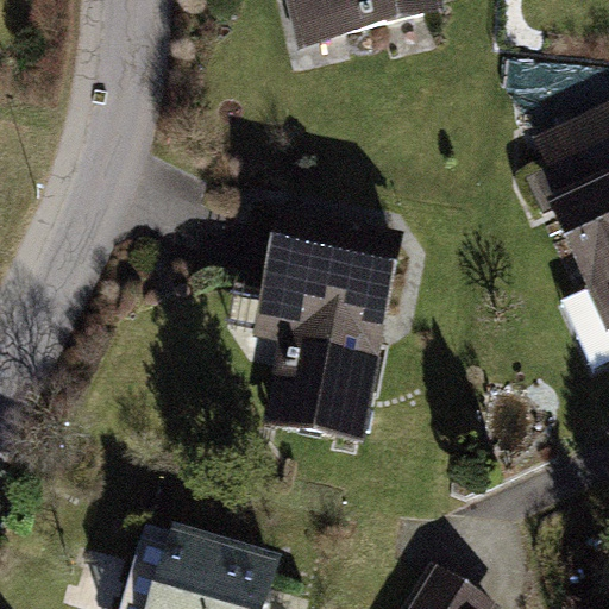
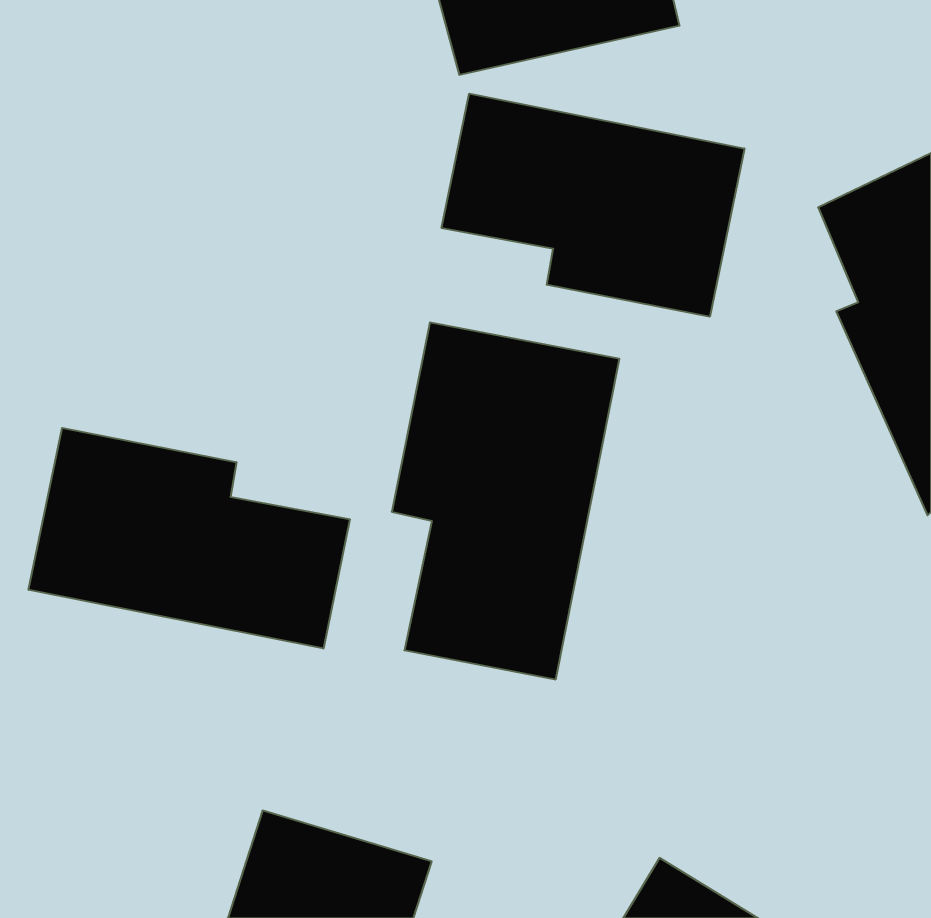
building: none -> [442,94,744,317]
building: none -> [29,428,350,649]

